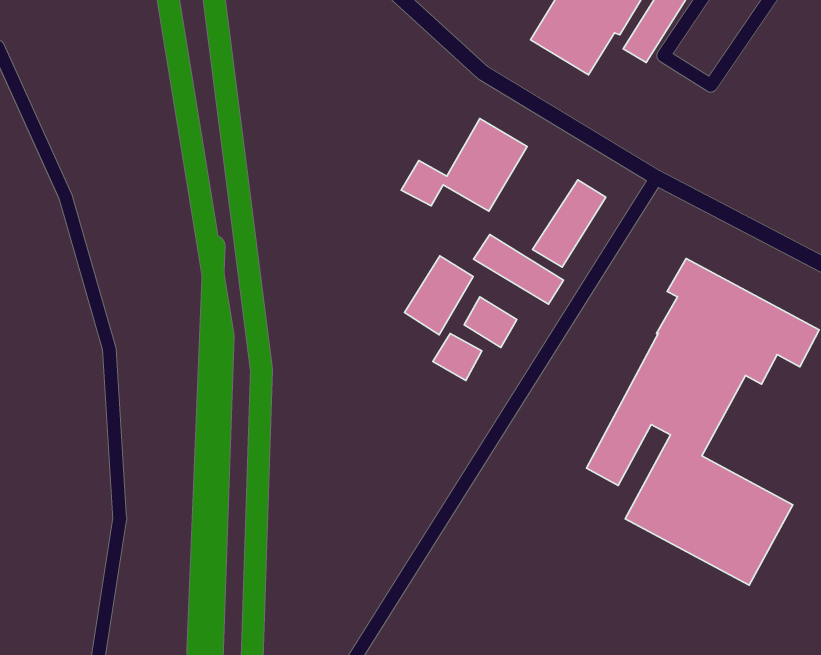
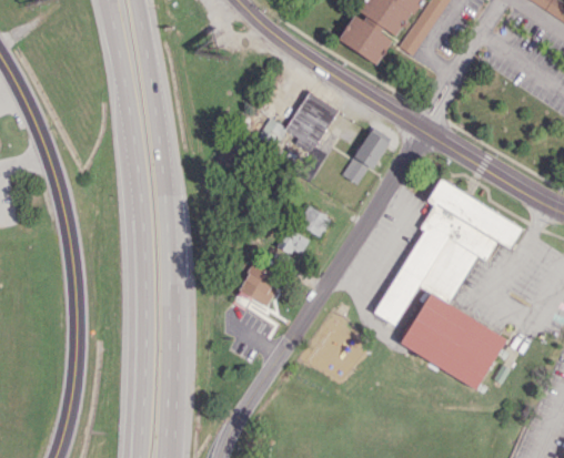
building: [473,235,563,304] -> none
building: [405,256,473,335] -> none
building: none -> [234,263,282,305]

